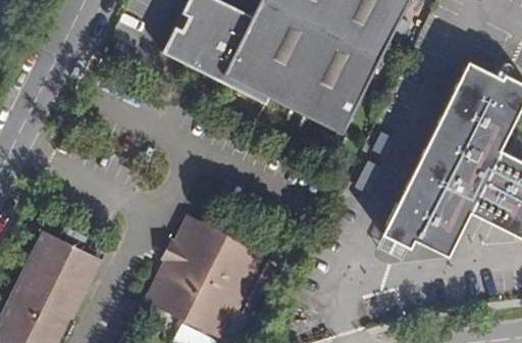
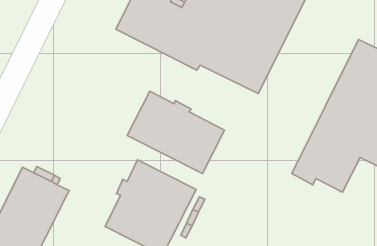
building: none -> [127,91,224,173]

